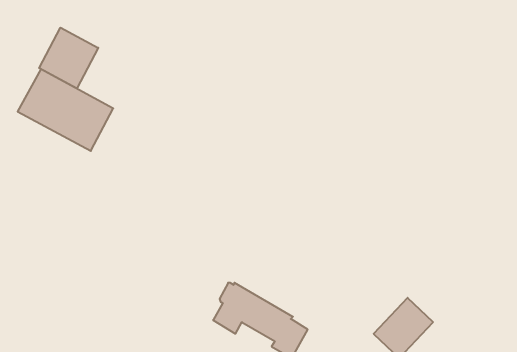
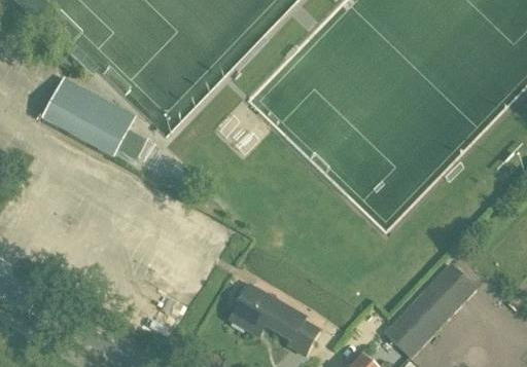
building: [39,28,98,88] -> none
building: none -> [418,264,476,322]

